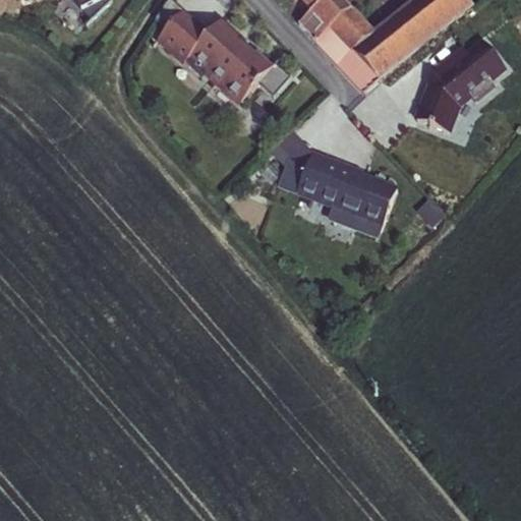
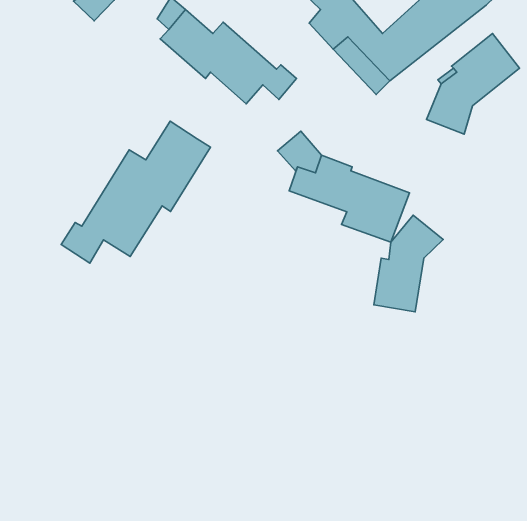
building: none -> [61,121,211,263]
building: none -> [374,215,443,312]

